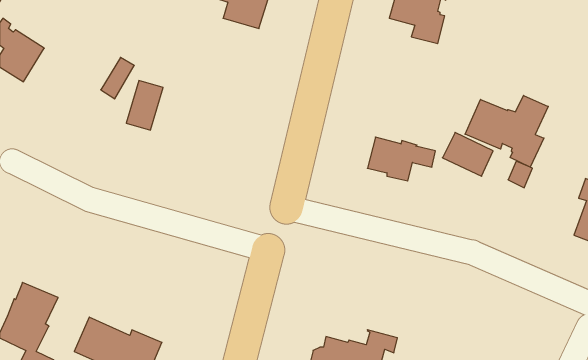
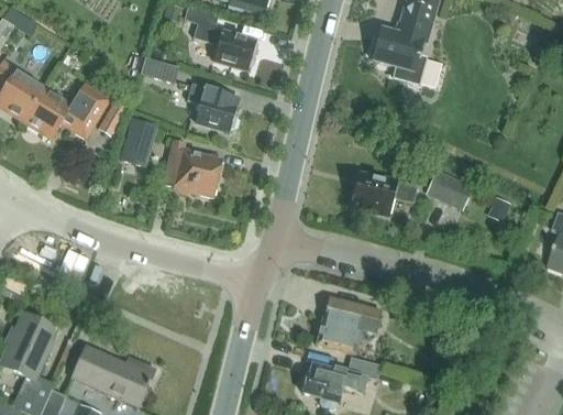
building: none -> [137,55,177,83]
building: none -> [23,81,111,139]
building: none -> [187,83,238,131]
building: [465,95,548,167] -> none
building: none -> [163,140,222,197]
building: none -> [316,296,380,353]

